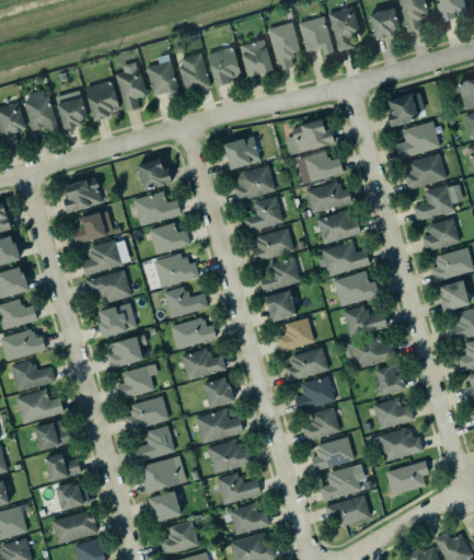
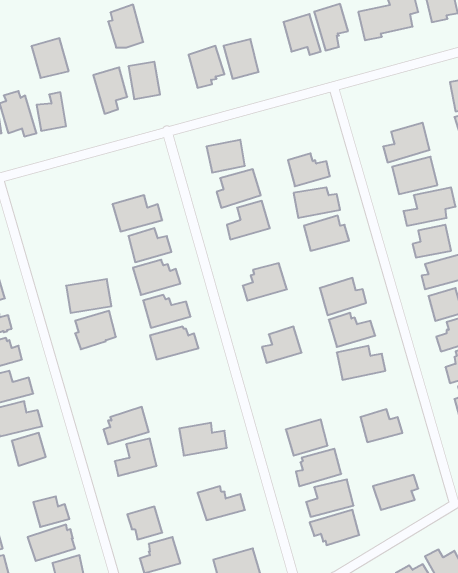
building: [266,21,300,71] -> none
building: [177,50,211,92] -> [108,5,143,48]
building: [85,81,122,119] -> [31,38,69,78]
building: [386,94,419,127] -> none
building: [285,119,333,154] -> none
building: [138,159,171,191] -> none
building: [63,178,103,213] -> none
building: [73,211,114,243] -> none
building: [251,228,296,262] -> none
building: [81,237,131,276] -> none
building: [315,242,371,277] -> none
building: [266,290,298,323] -> none
building: [106,334,146,368] -> none
building: [285,347,328,381] -> none
building: [180,348,226,381] -> none
building: [116,363,159,400] -> none
building: [374,363,404,396] -> none
building: [201,377,233,409] -> none
building: [296,377,335,410] -> none
building: [377,427,423,462] -> none
building: [208,439,253,474] -> none
building: [45,454,82,481] -> none
building: [140,455,186,494] -> none
building: [230,504,270,535] -> none

